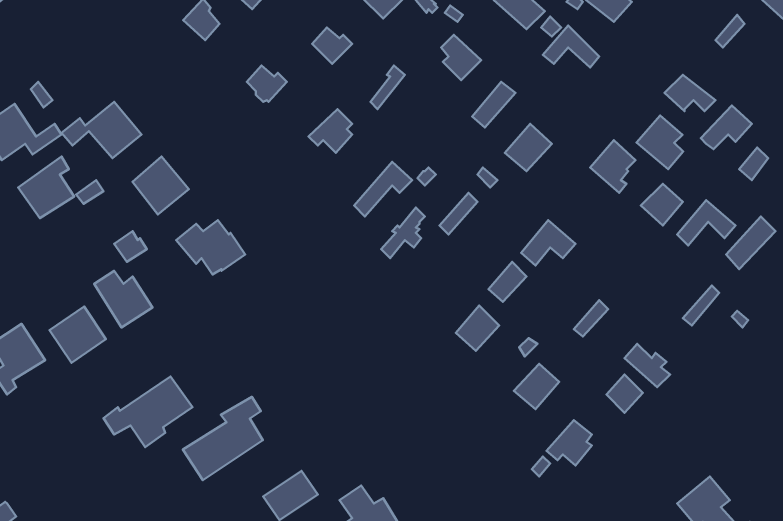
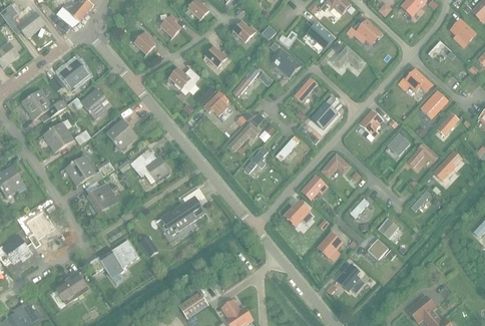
building: none -> [59,59,88,87]
building: [637,115,683,169] -> none
building: [50,307,106,363] -> [65,154,96,186]
building: [183,397,263,480] -> [161,188,205,234]
building: none -> [55,273,88,303]

